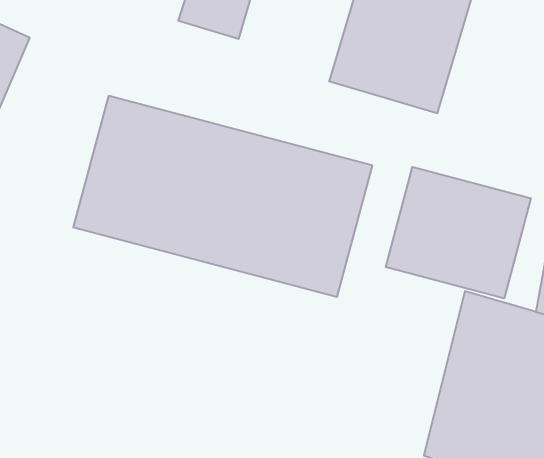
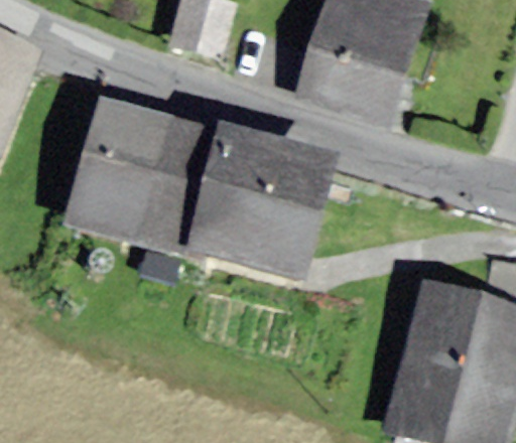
building: [386,167,531,298] -> none

